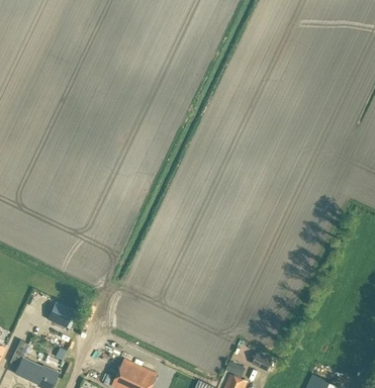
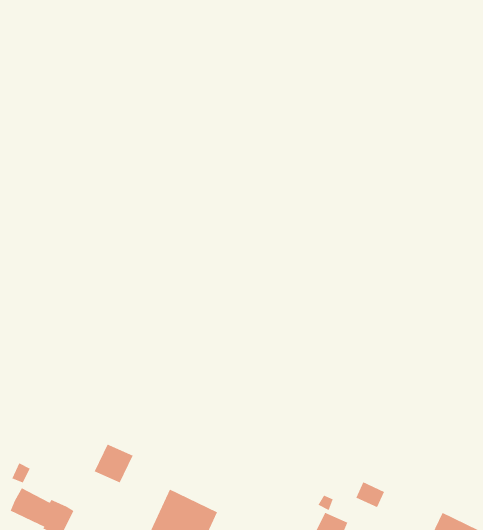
building: [46,299,74,326] -> [94,444,133,483]

